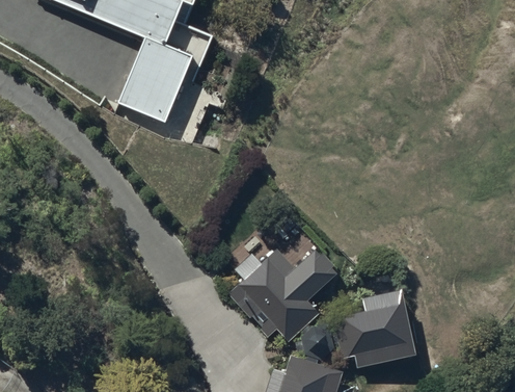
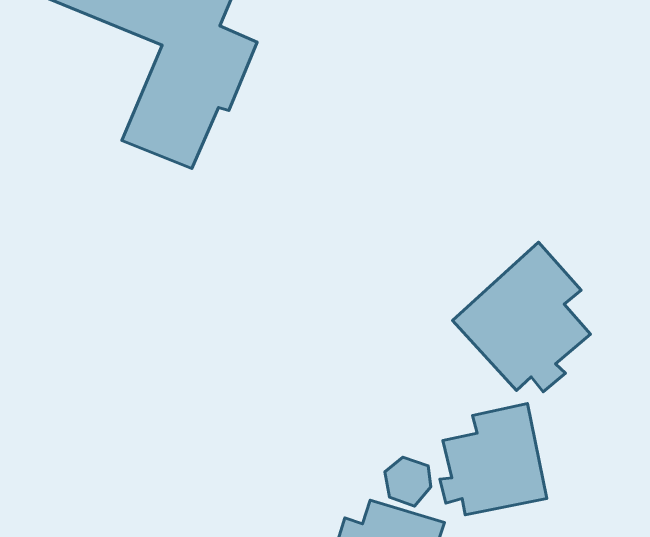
building: none -> [452,242,591,392]
building: [225,246,335,340] -> none

